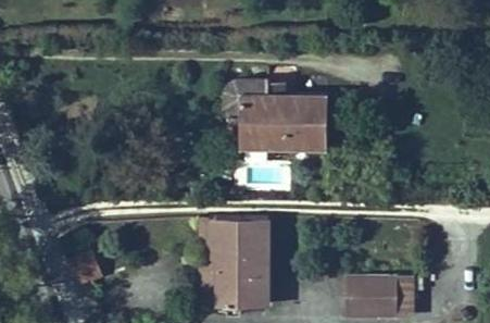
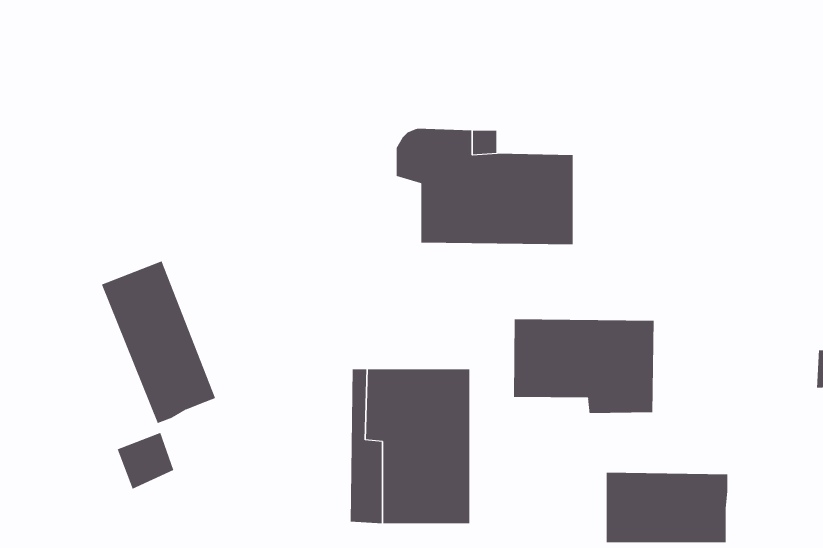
building: none -> [101,260,216,424]
building: none -> [513,318,654,414]

